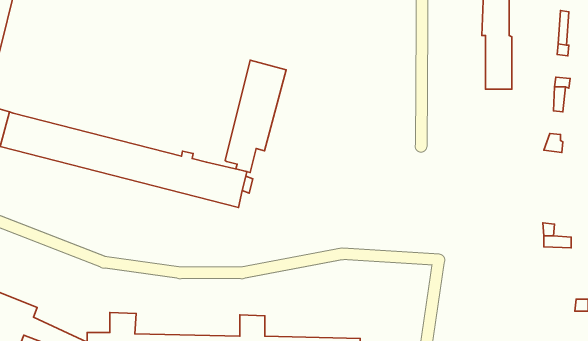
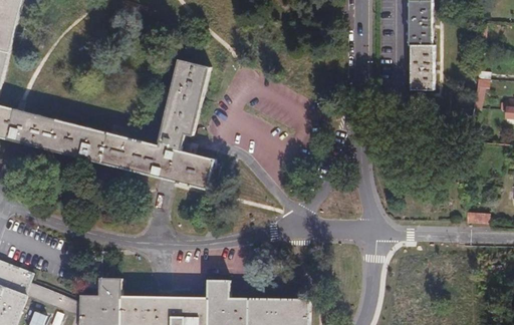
building: [225,60,286,172] -> [158,56,209,150]

